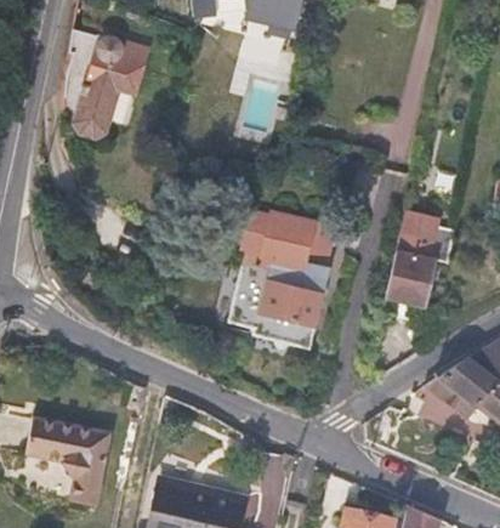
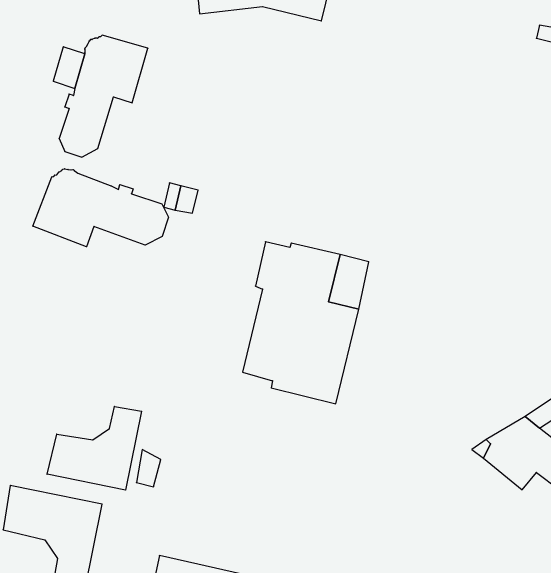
building: none -> [33,169,169,247]
building: [385,212,455,306] -> none
building: none -> [47,406,142,490]

